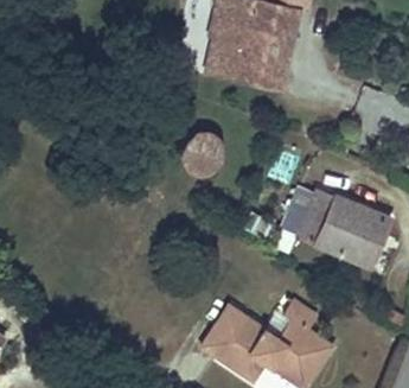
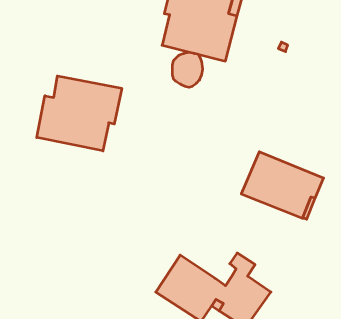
building: none -> [37,76,122,151]
building: [185,133,219,172] -> [172,52,203,87]

